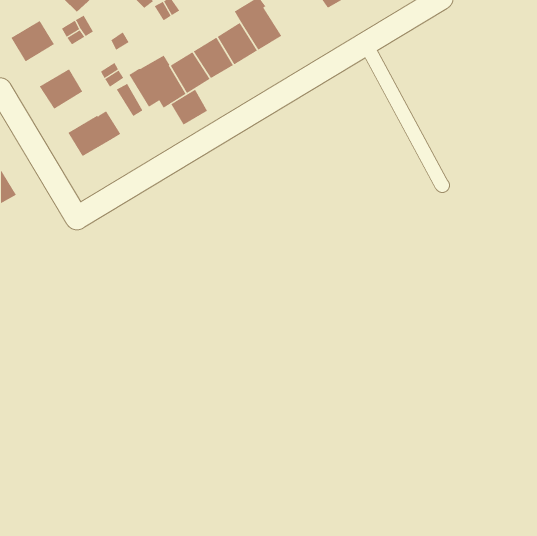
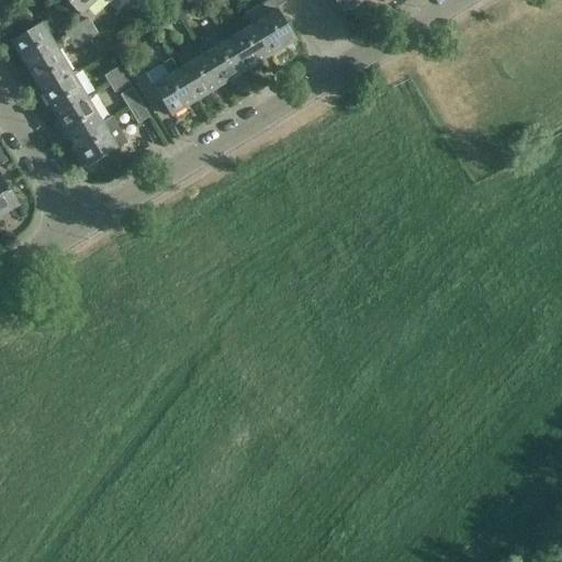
building: none -> [27,46,74,90]
building: [171,89,208,125] -> none
building: none -> [57,95,103,138]

